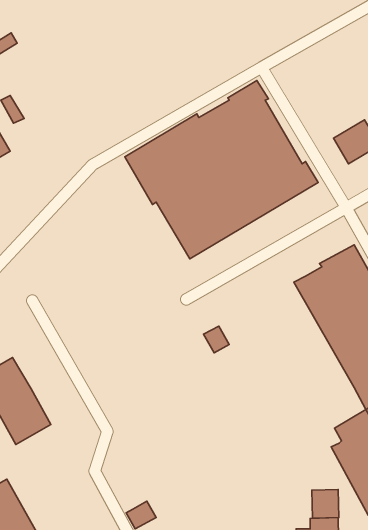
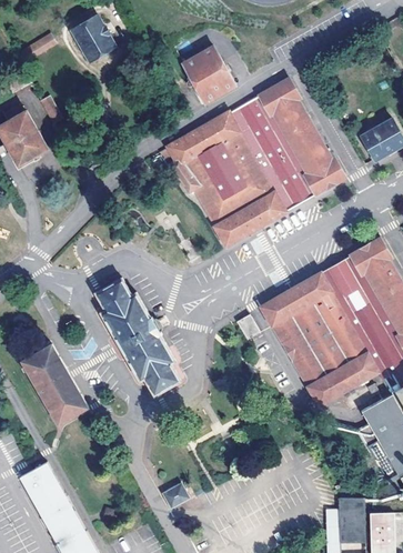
building: none -> [74,14,117,59]
building: none -> [183,44,239,104]
building: none -> [258,270,381,410]
building: none -> [95,279,180,399]
building: [312,489,339,518] -> none

